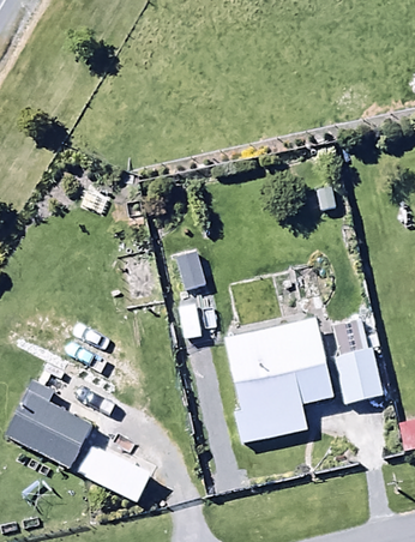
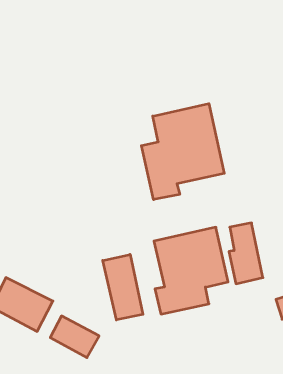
building: none -> [141,104,224,200]
building: none -> [103,254,143,320]

